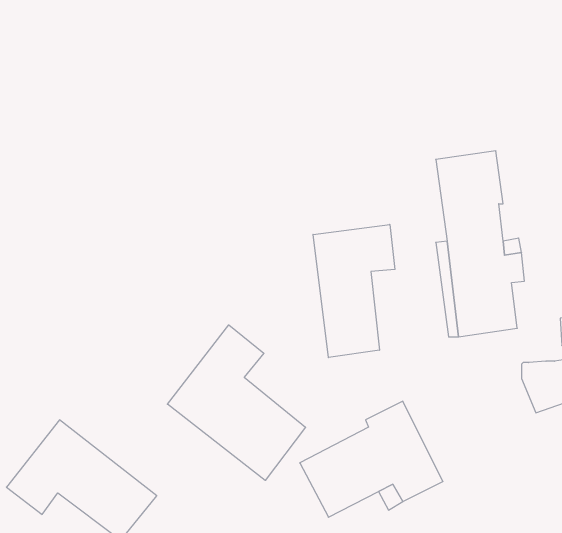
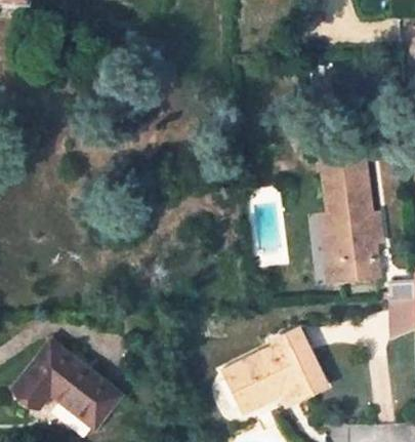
building: [313,224,395,358] -> none
building: [167,325,306,480] -> none

